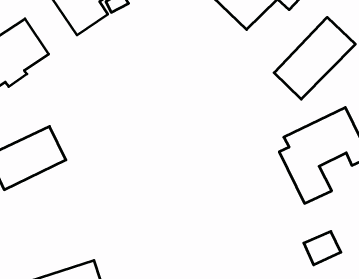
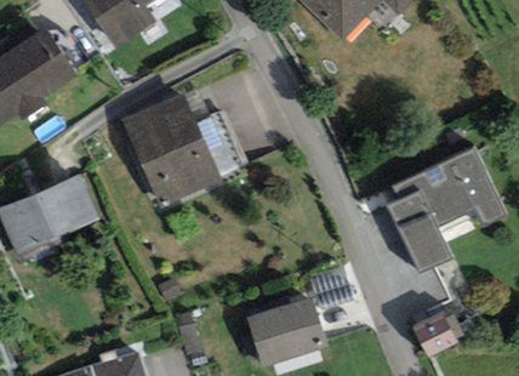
building: [274,17,355,99] -> none
building: none -> [122,93,221,205]
building: none -> [245,295,326,365]

